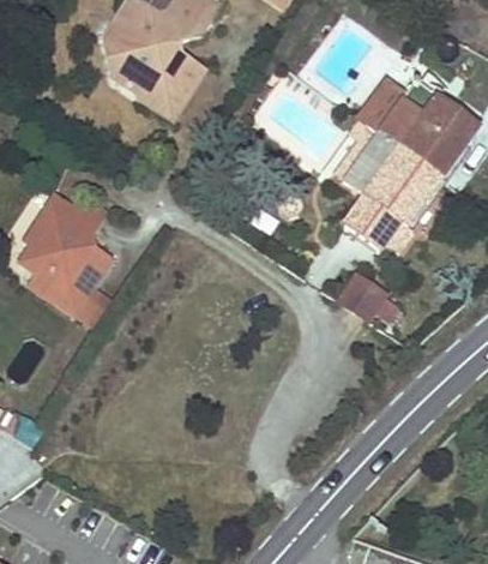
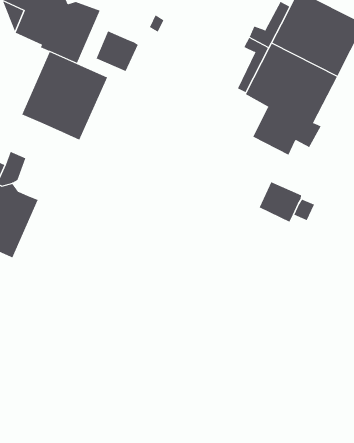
building: none -> [96,30,139,72]
building: none -> [21,51,108,141]

